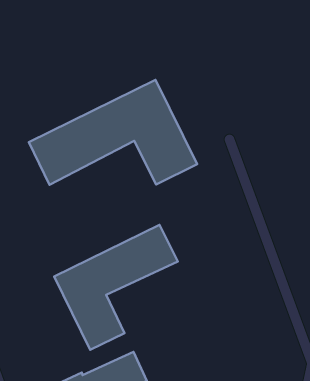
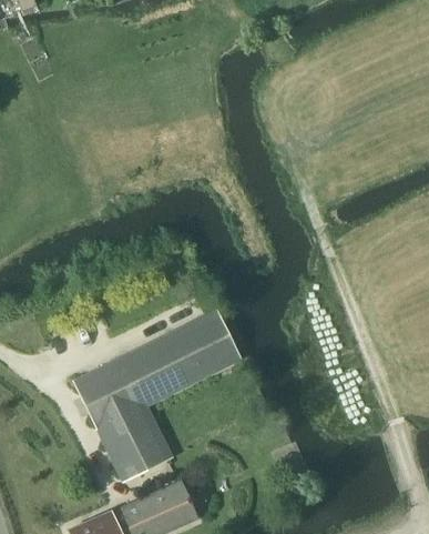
building: [29,80,197,185] -> none

